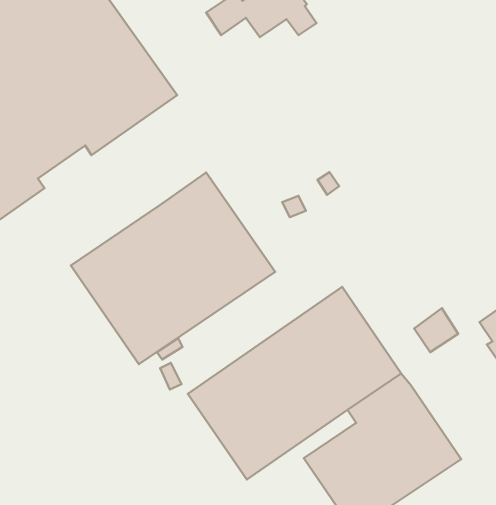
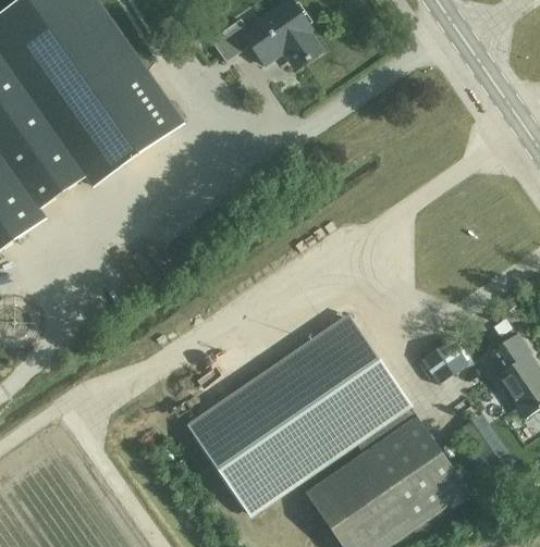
building: [71,173,275,364] -> none

